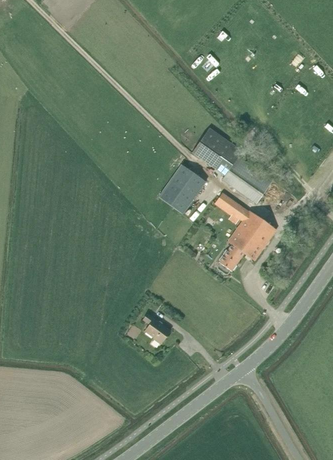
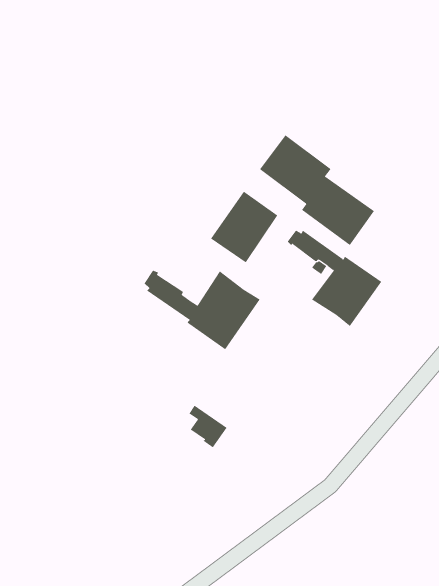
building: none -> [144,270,261,350]
building: [218,243,245,273] -> none

